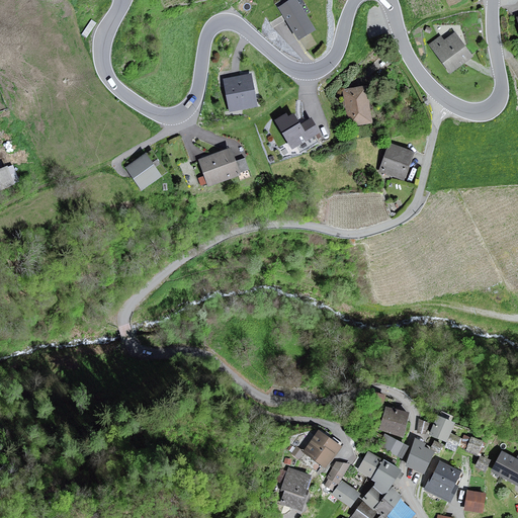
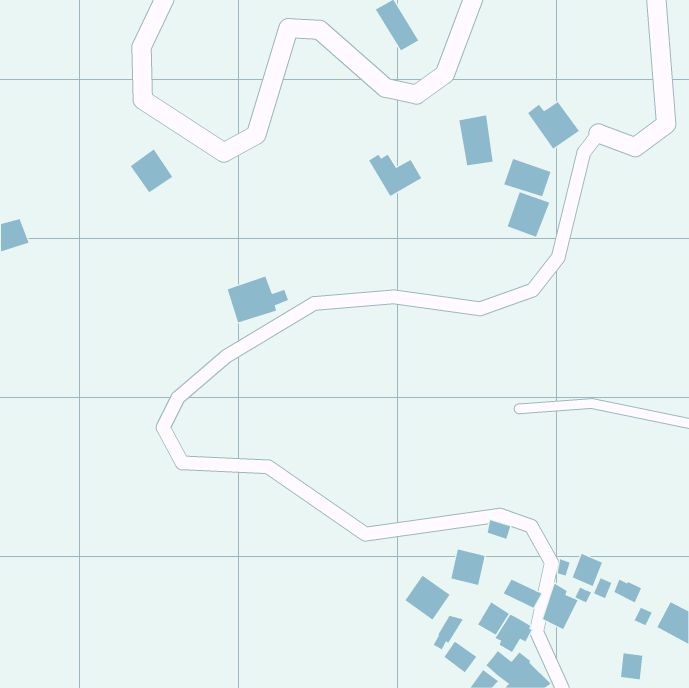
building: [431,34,470,71] -> [527,101,580,150]
building: [226,75,255,108] -> none
building: none -> [504,158,551,197]
building: [200,149,247,184] -> [227,276,289,323]
building: [127,154,160,187] -> [130,149,173,193]
building: [380,407,407,434] -> [451,549,486,585]
building: [425,461,457,500] -> none
building: [281,467,309,509] -> none

